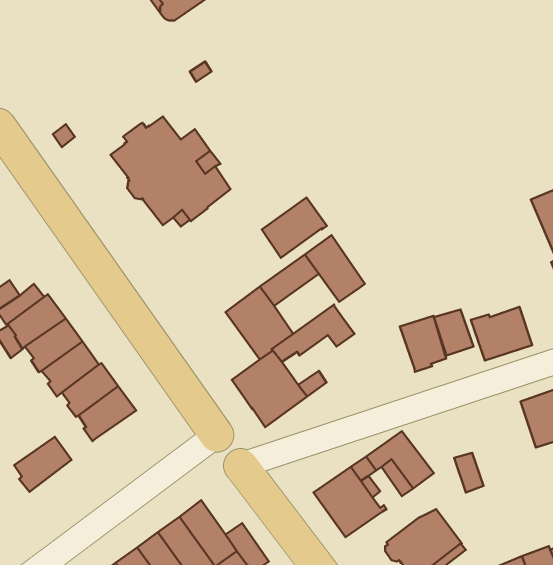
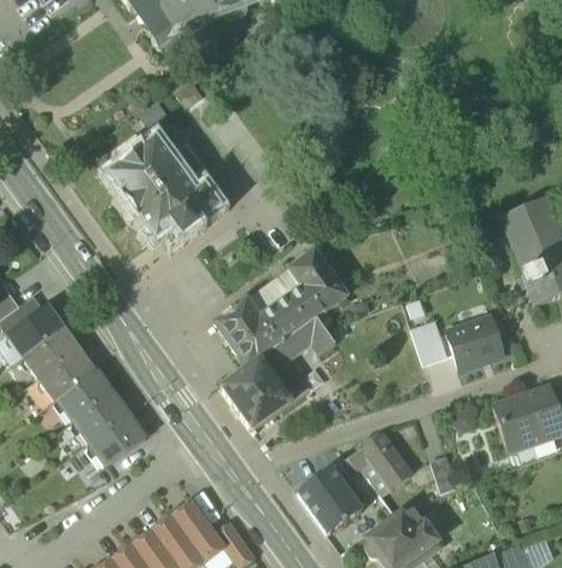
building: [262,198,327,258] -> [260,285,322,341]
building: [400,316,446,372] -> none
building: [14,437,72,492] -> [92,414,146,465]

